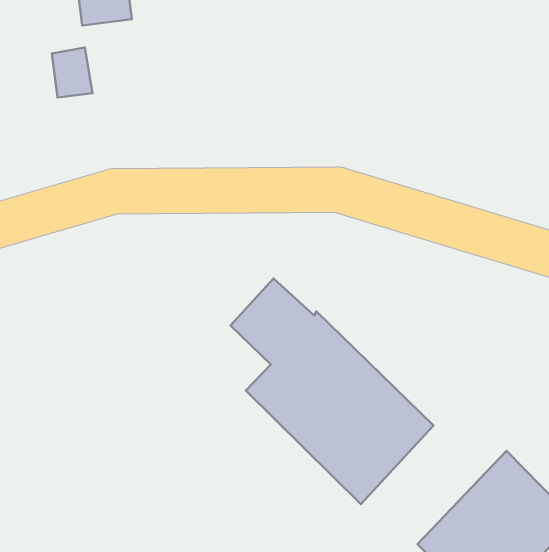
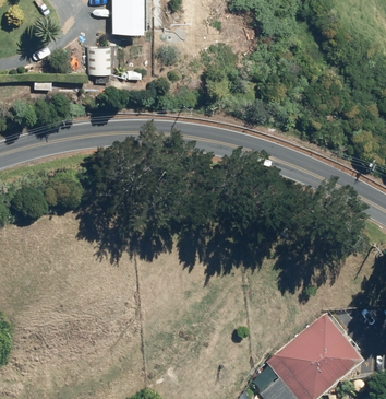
building: [230,279,433,504] -> none

